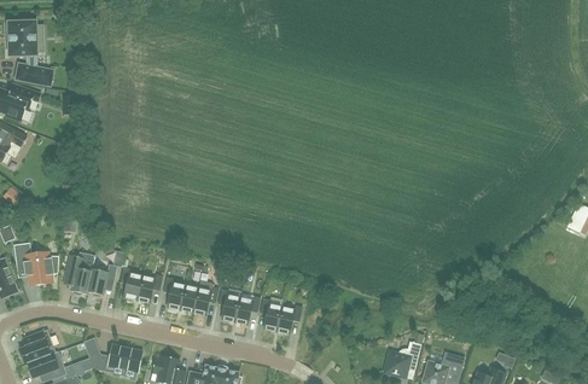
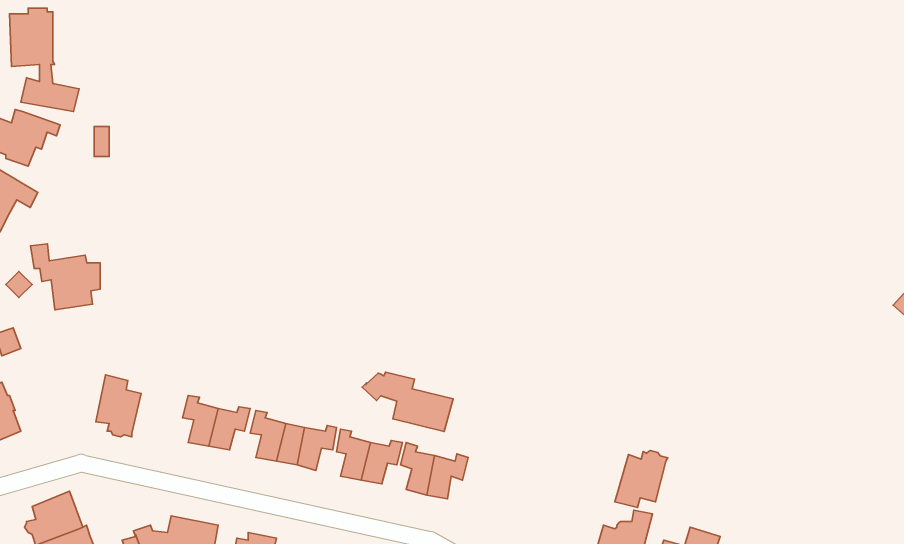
building: [12,243,57,285] -> [31,244,100,310]
building: none -> [362,372,453,432]
building: [86,263,116,295] -> none
building: none -> [615,451,668,507]

